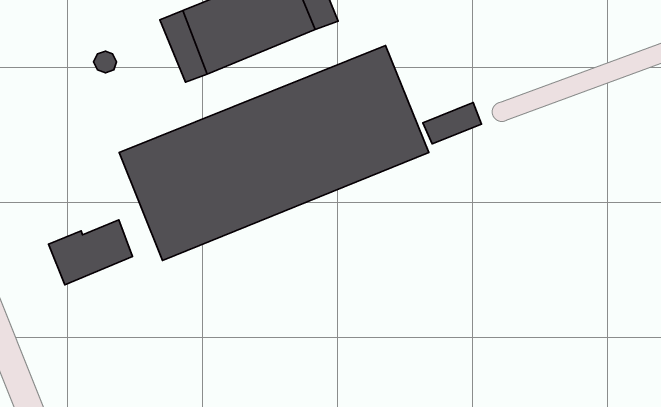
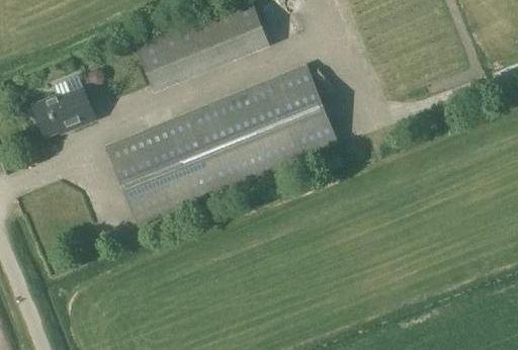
building: [423,103,482,144] -> none
building: [49,220,132,285] -> [32,87,95,136]

